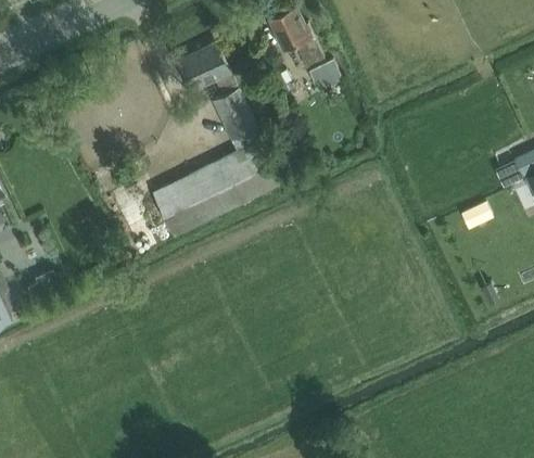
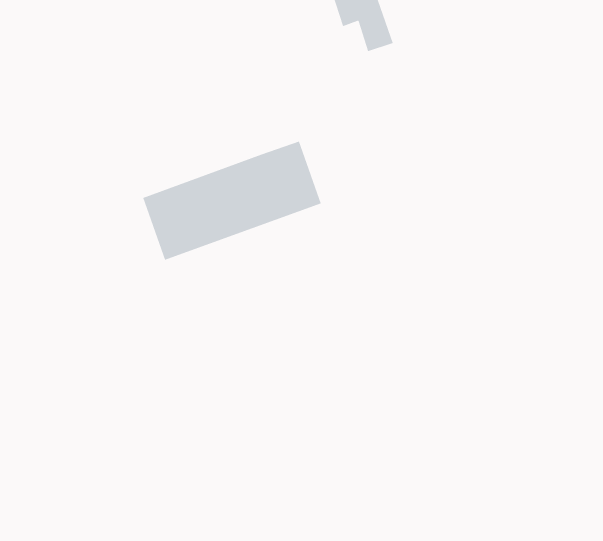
building: [177,42,256,139] -> none
building: [308,60,342,90] -> none

